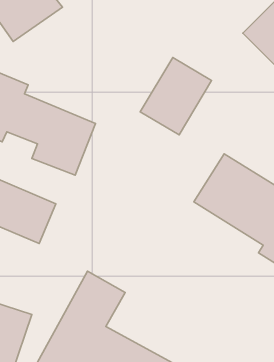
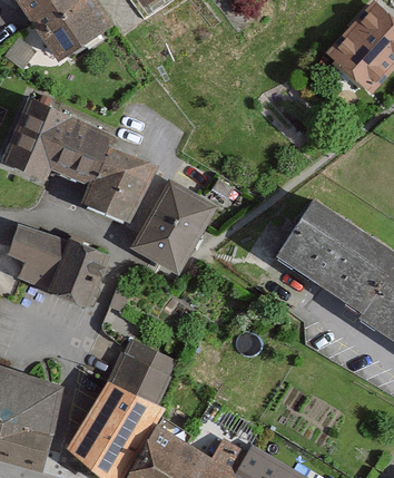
building: [140,57,212,135] -> [129,181,215,274]

